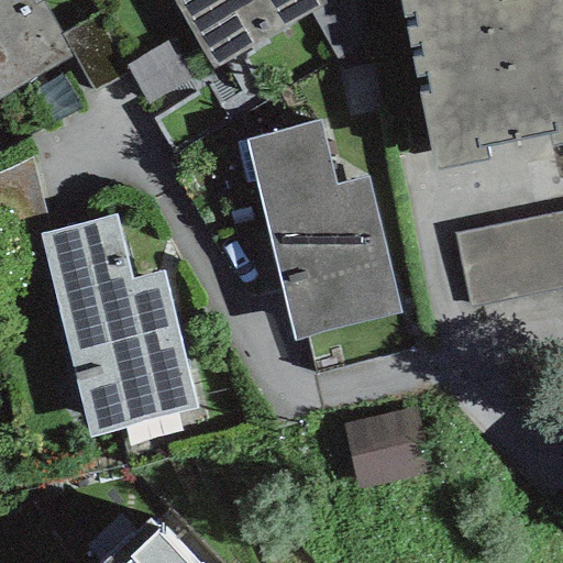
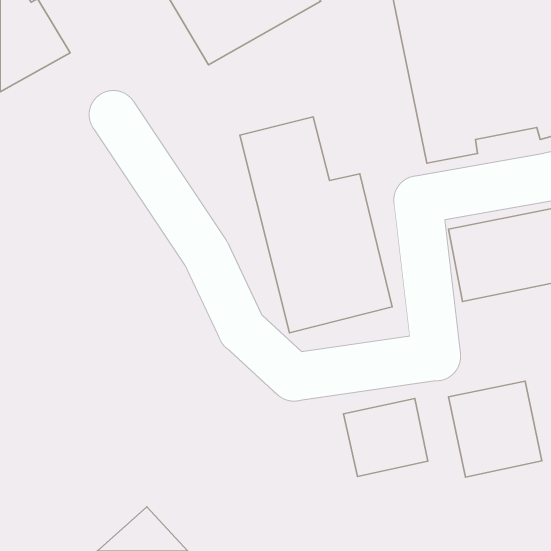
building: [38,212,198,433] -> none
building: none -> [449,381,542,477]

